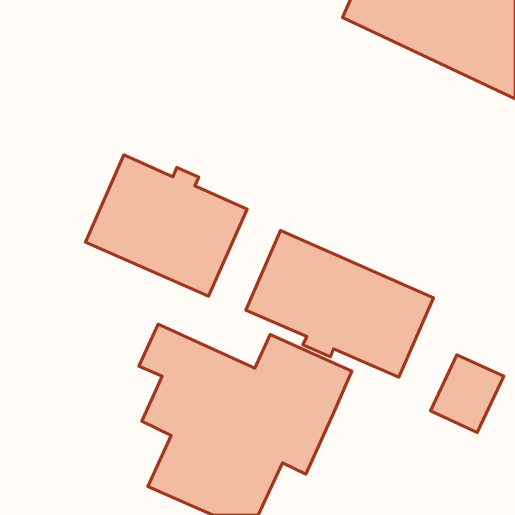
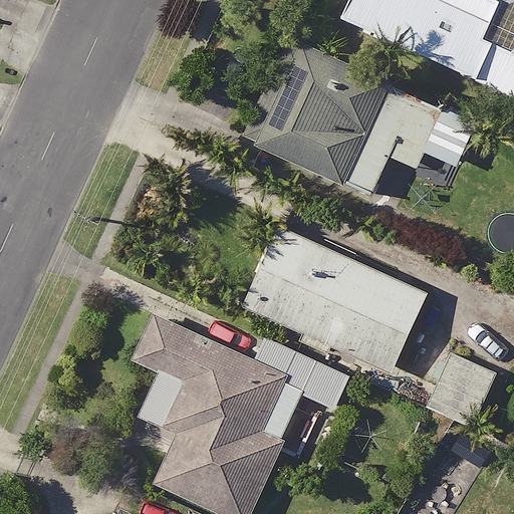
building: none -> [242,41,475,195]
building: [85,155,247,296] -> none

